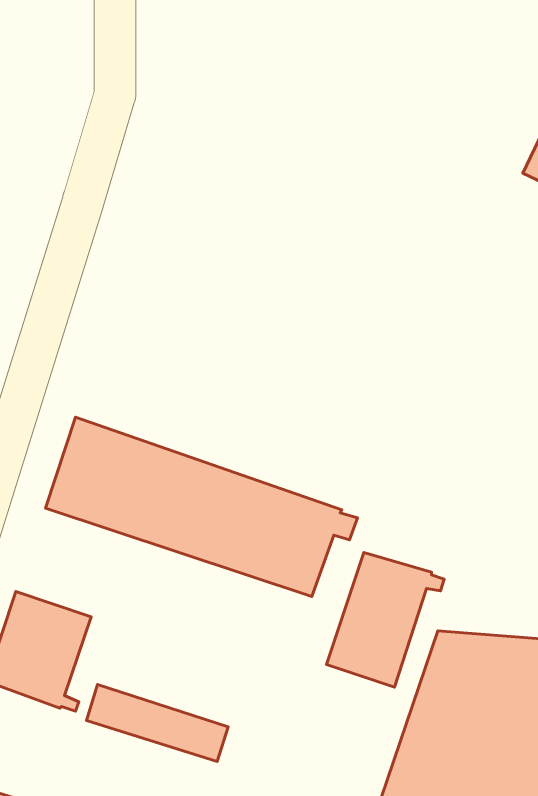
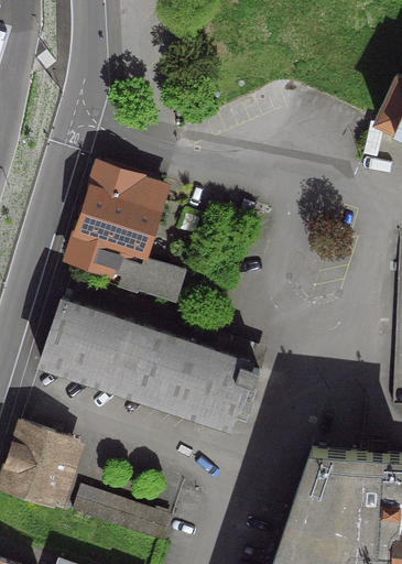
building: none -> [67,163,182,297]
building: [326,552,444,687] -> none

